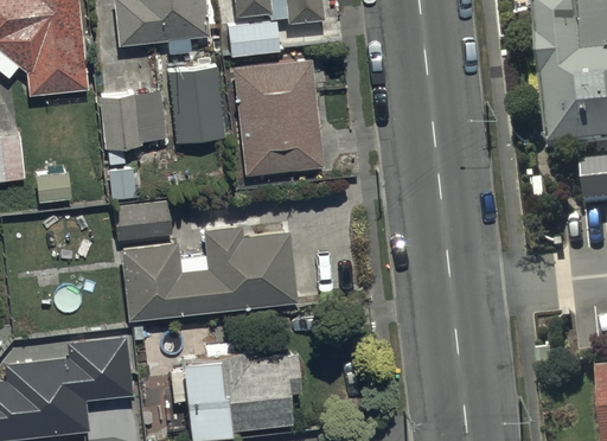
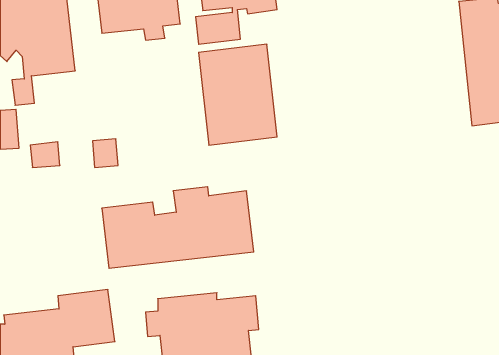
building: [167,65,225,145] -> none
building: [100,94,166,166] -> none
building: [114,200,171,239] -> none

